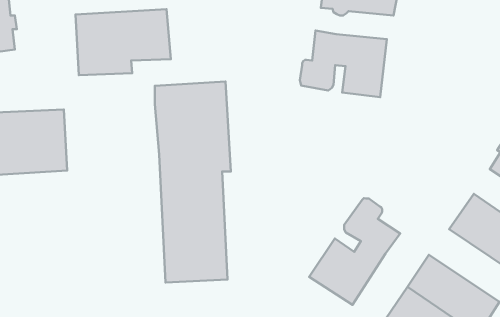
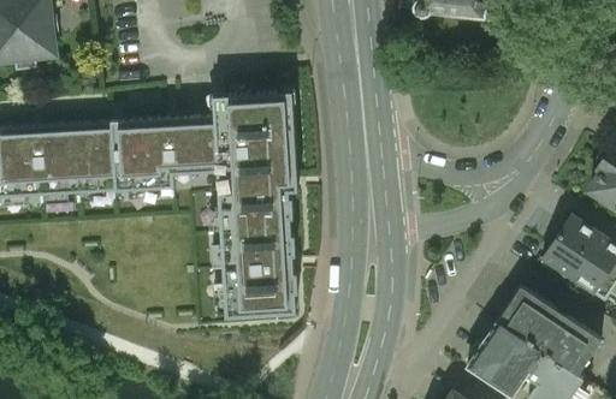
building: [76,9,171,75] -> [109,118,217,192]
building: [300,31,387,97] -> none
building: [309,198,400,305] -> none

